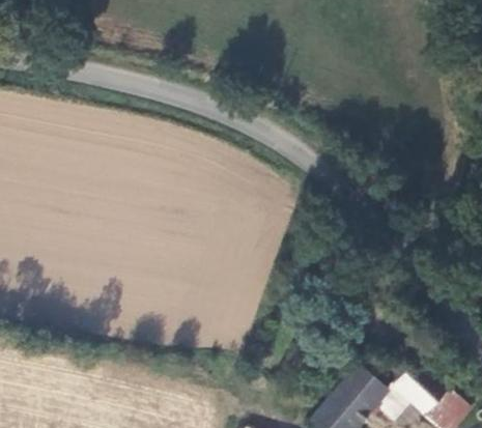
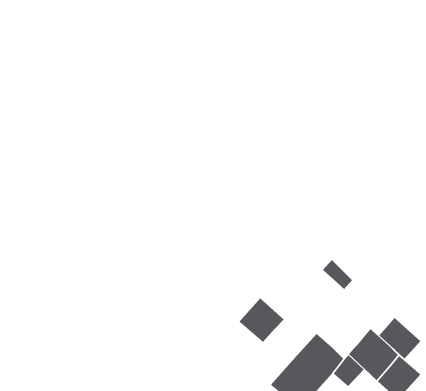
building: none -> [238,297,285,343]
building: none -> [379,317,421,360]

